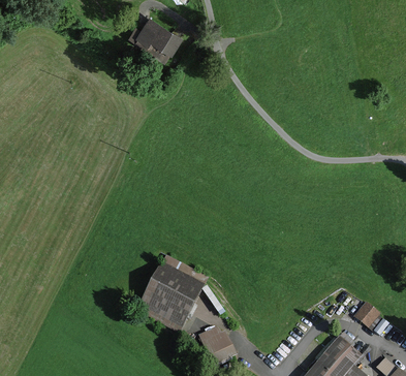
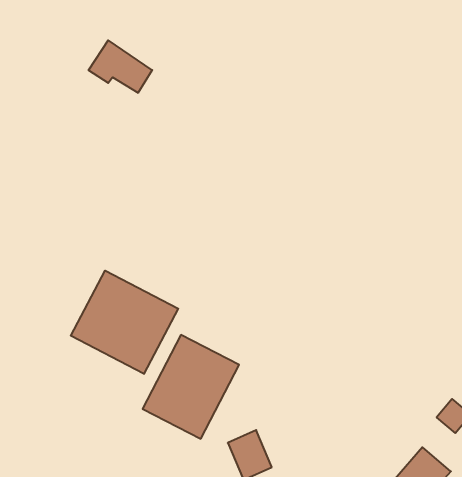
building: [132,17,179,55] -> [88,40,152,93]
building: none -> [71,271,178,374]

